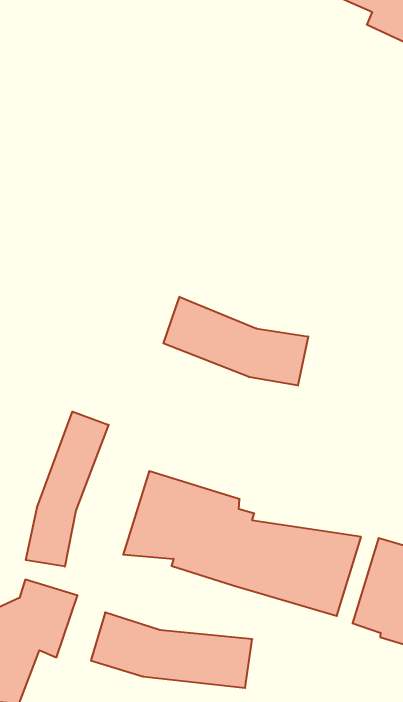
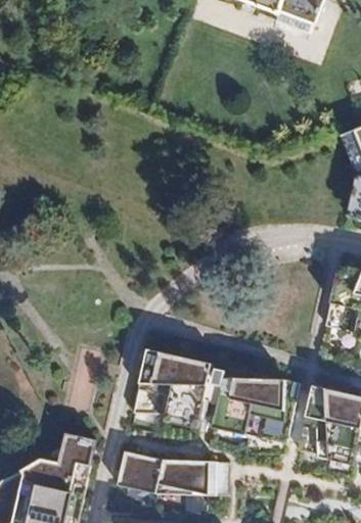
building: [163,297,308,386] -> none
building: [26,412,109,567] -> none

